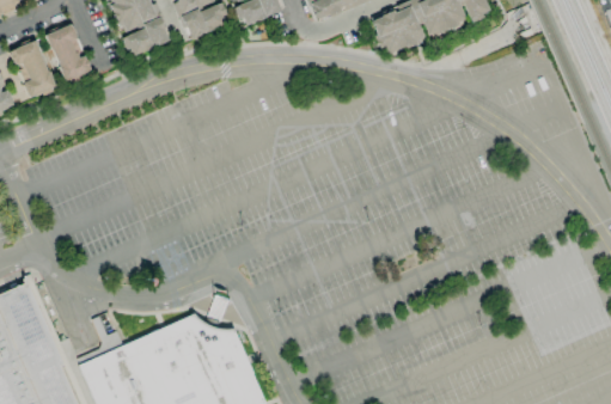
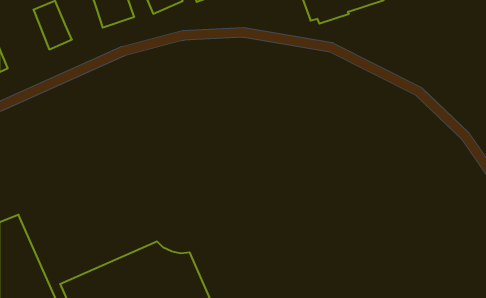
building: [11,41,55,98] -> none

